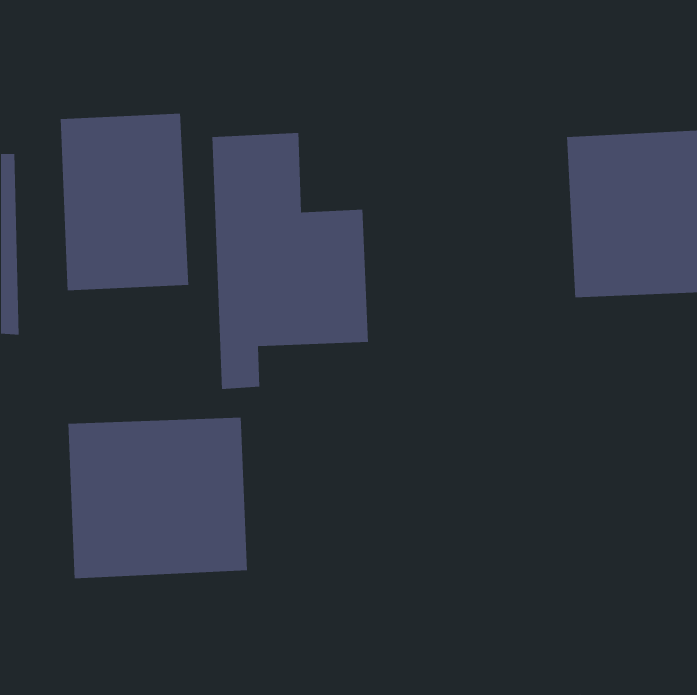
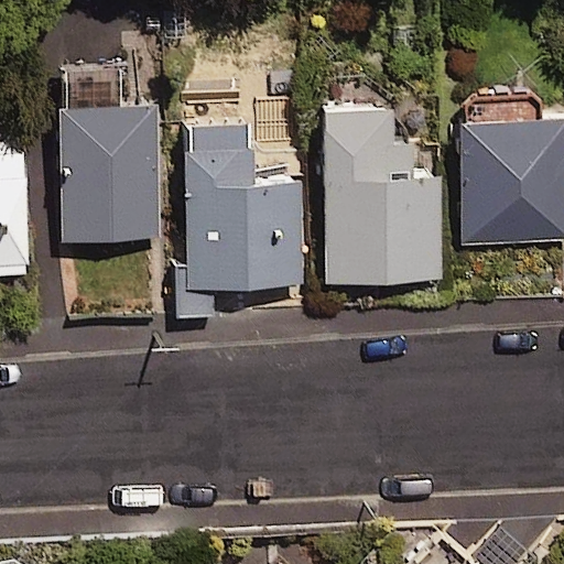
building: none -> [317,100,443,286]
building: [67,417,248,579] -> none

